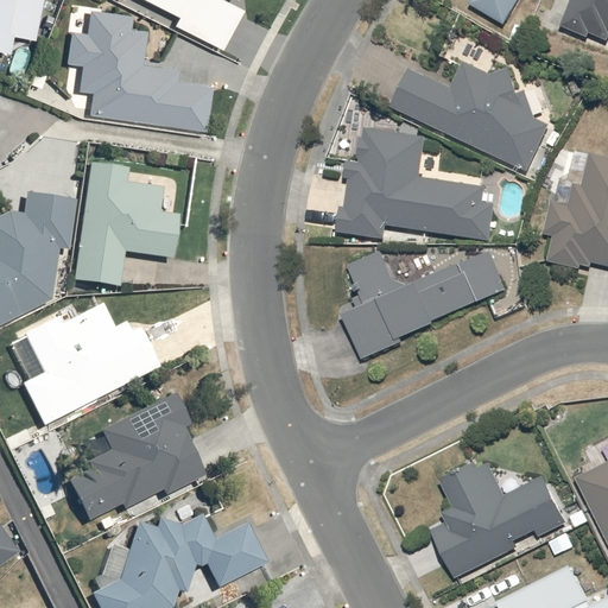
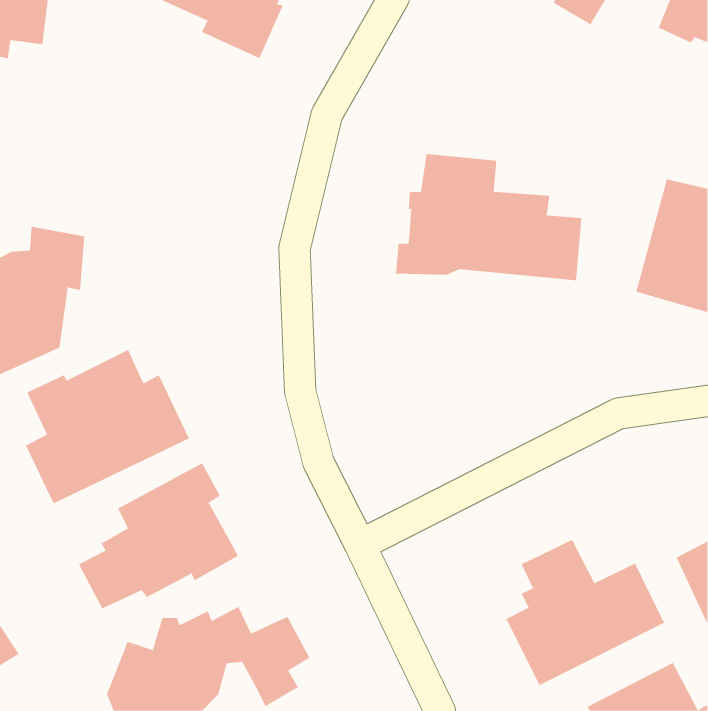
building: [66,12,208,128] -> none
building: [394,58,550,170] -> none
building: [72,166,177,285] -> none
building: [344,251,502,359] -> none

